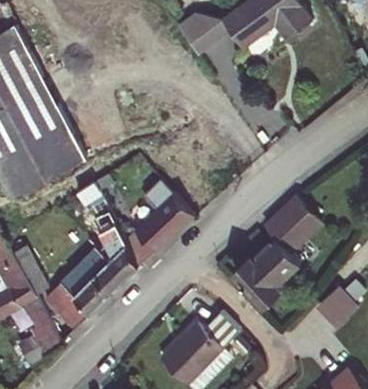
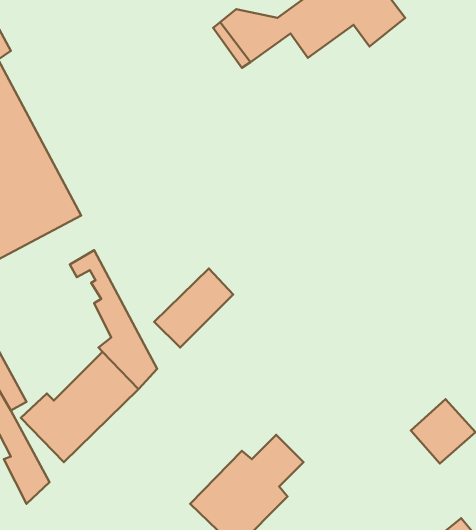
building: [233,197,325,305] -> none

